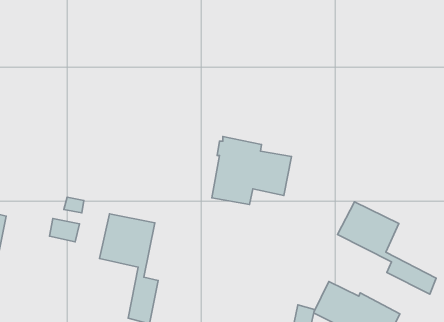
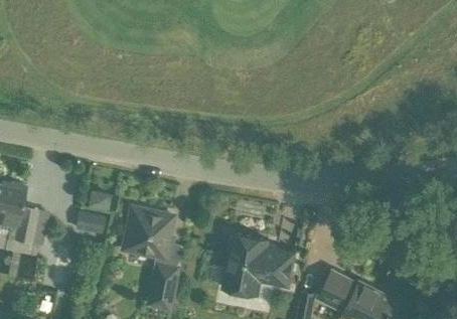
building: [212,137,292,204] -> [223,233,296,295]
building: [338,202,436,294] -> none

